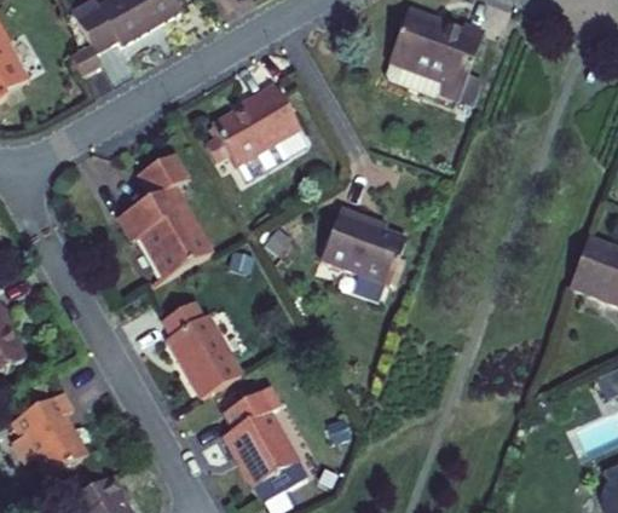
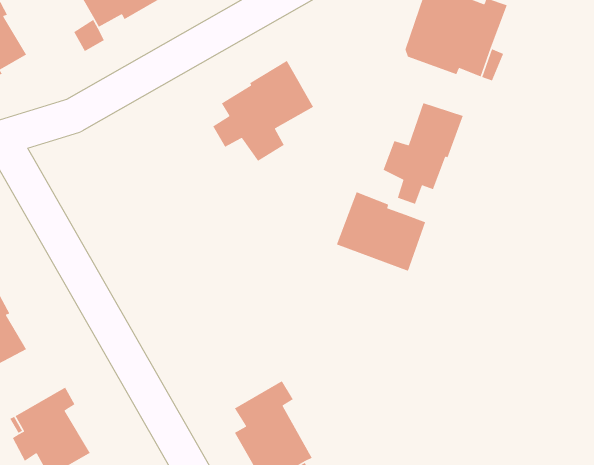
building: none -> [382,102,464,205]
building: [119,152,212,278] -> none
building: [163,301,242,397] -> none

